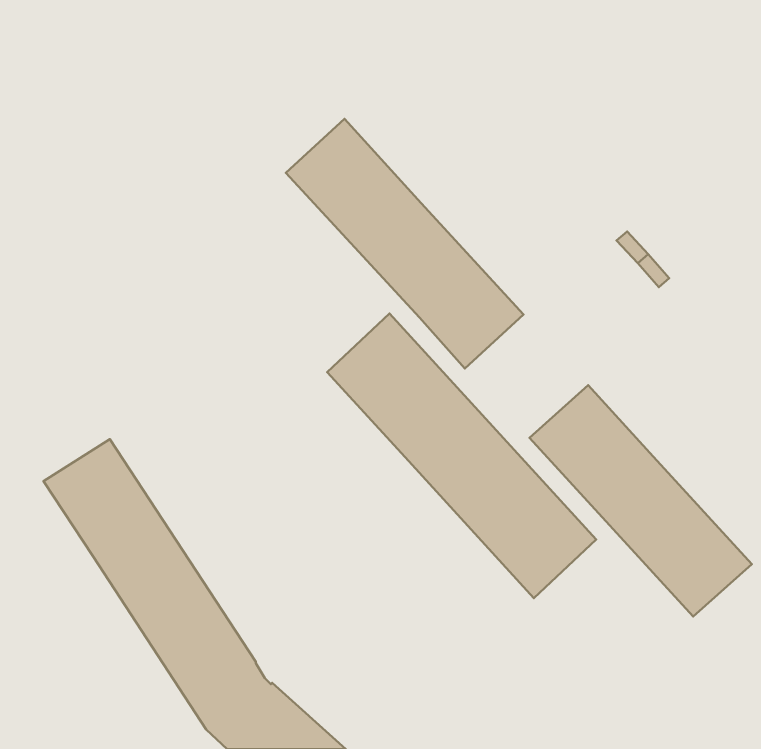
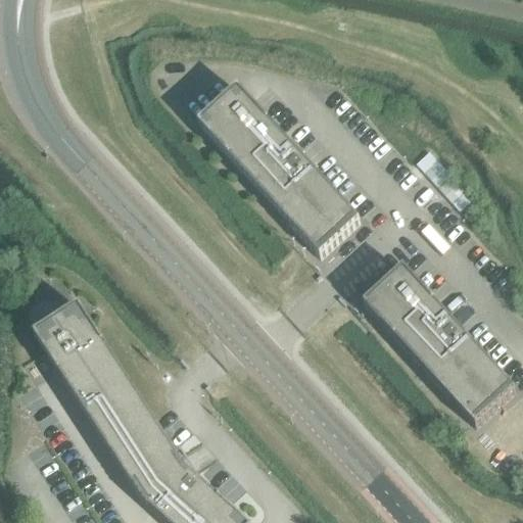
building: [327,314,596,598] -> none

